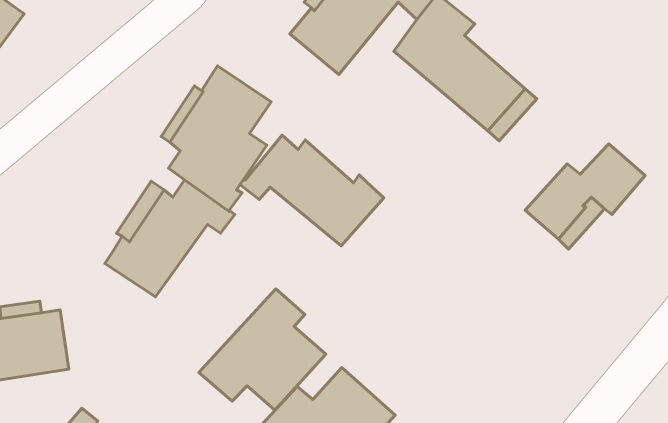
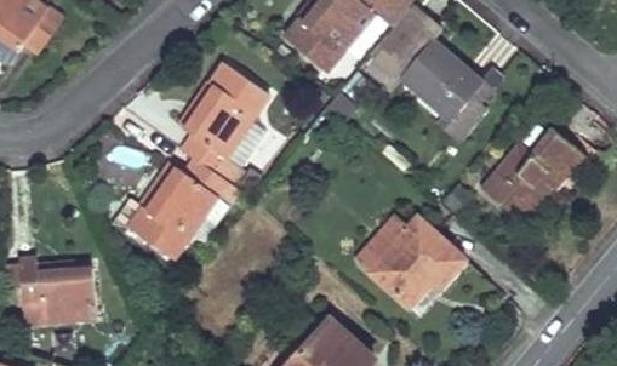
building: [240,135,384,246] -> none
building: none -> [370,218,463,305]
building: [199,289,326,410] -> none

